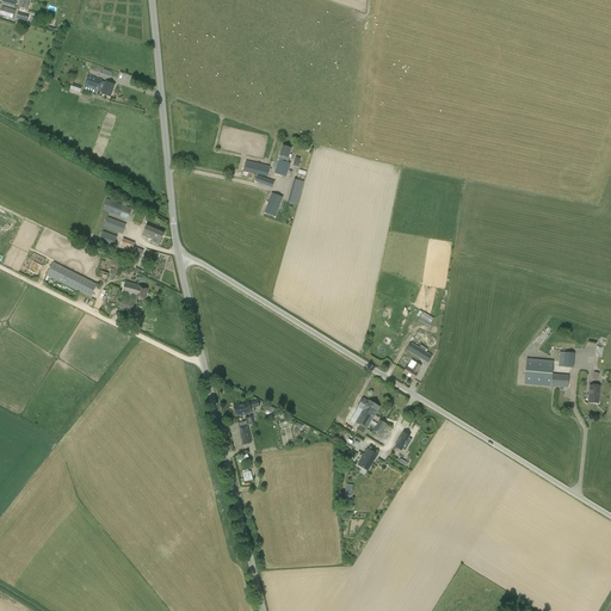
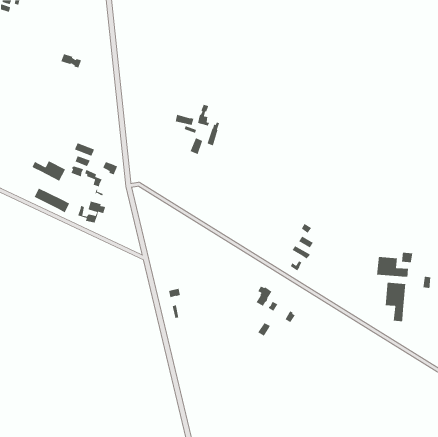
building: none -> [31,160,66,182]
building: none -> [385,282,406,322]

